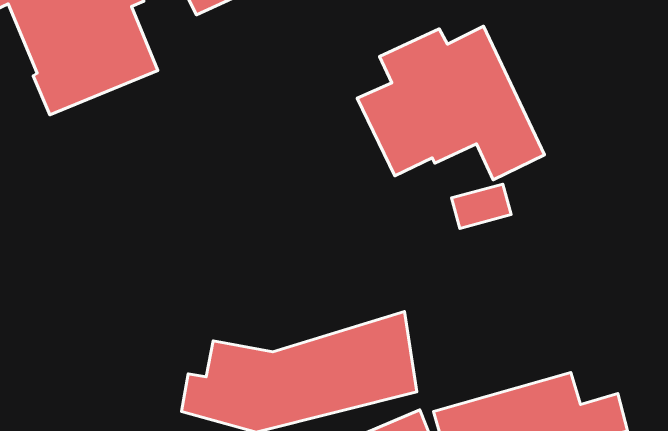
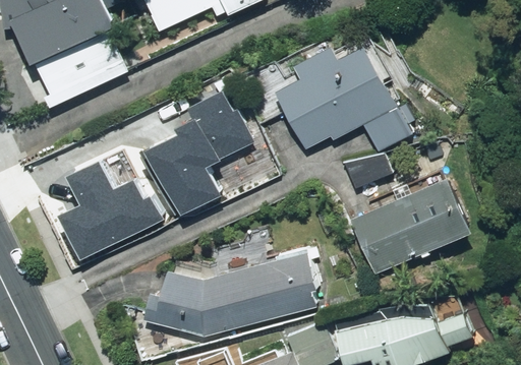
building: none -> [148,86,249,203]
building: none -> [51,169,156,268]
building: none -> [346,174,475,278]

